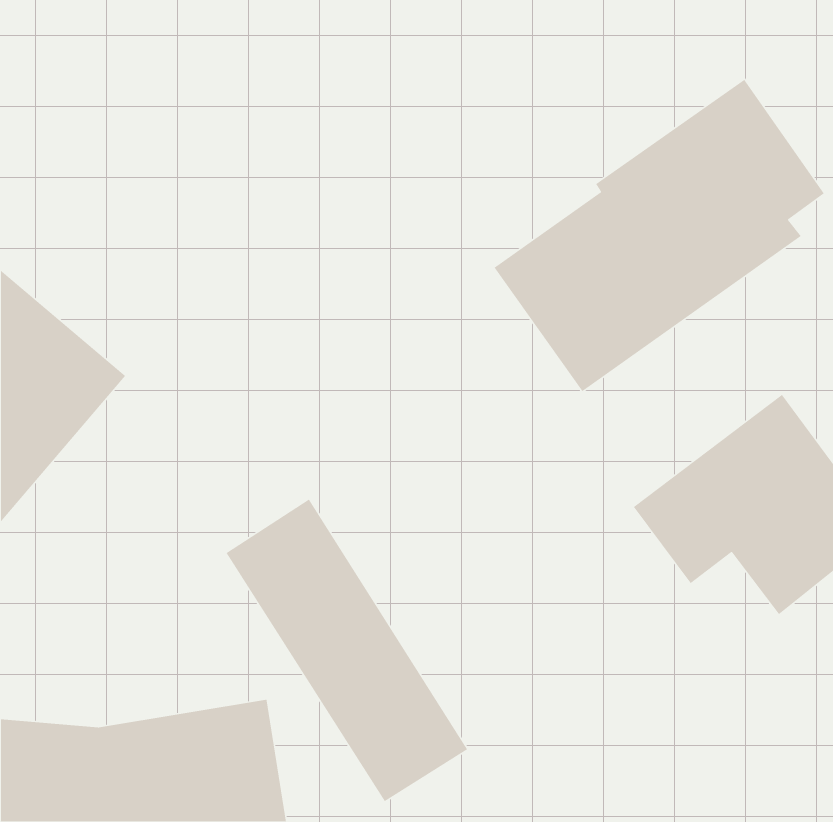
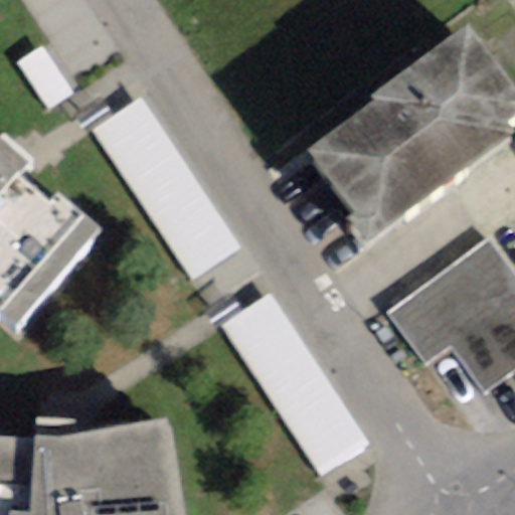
building: none -> [92,94,241,280]
building: [226,499,468,802] -> [221,291,370,477]

